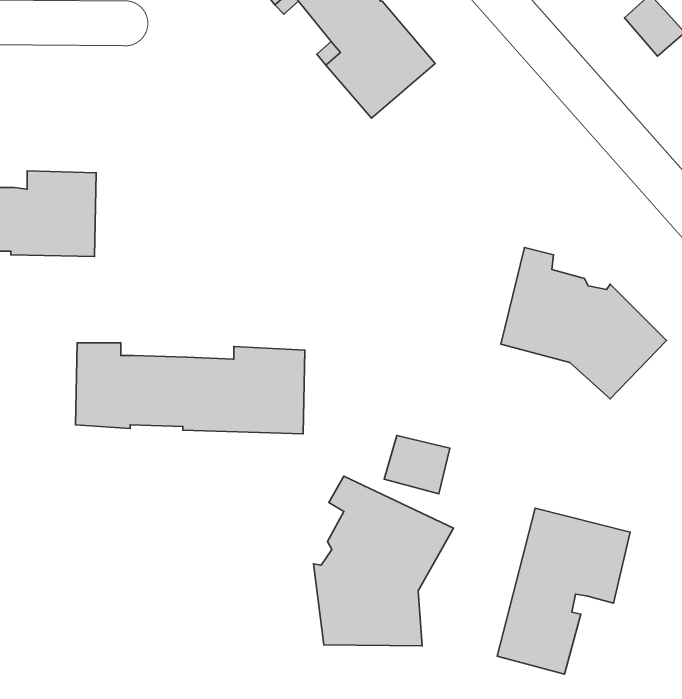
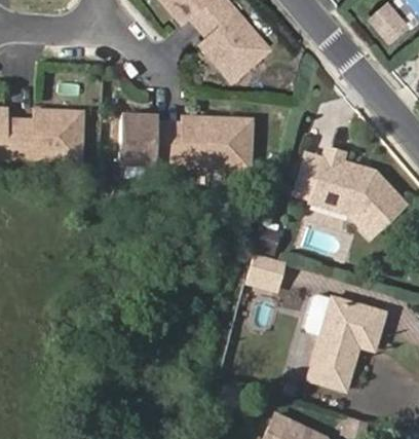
building: [75,343,305,434] -> [119,113,249,164]
building: [313,476,453,646] -> none

